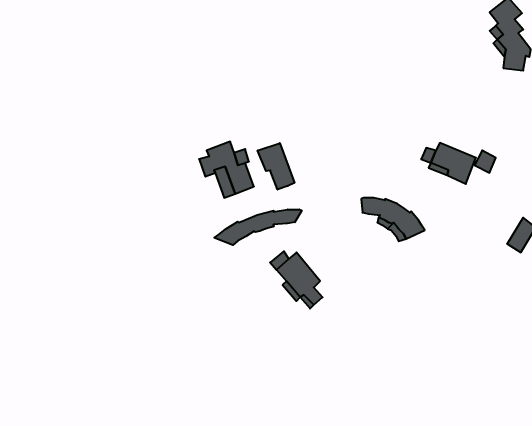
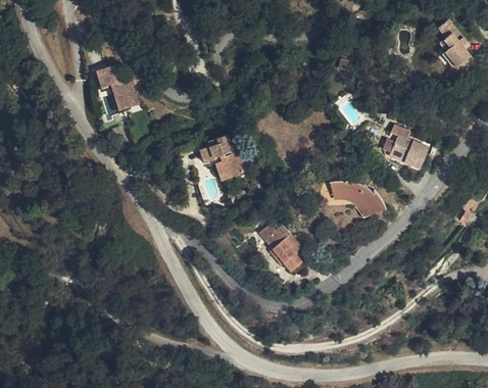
building: none -> [100,68,146,111]
building: [258,143,294,190] -> none
building: [214,209,302,245] -> none

